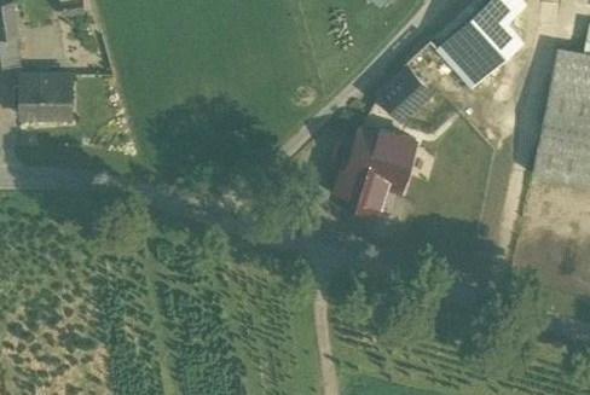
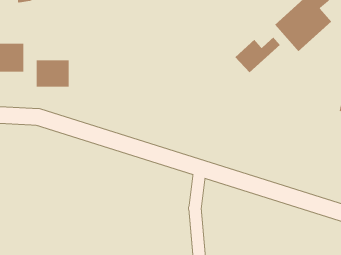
building: none -> [36,60,69,87]
building: [334,129,413,209] -> none

